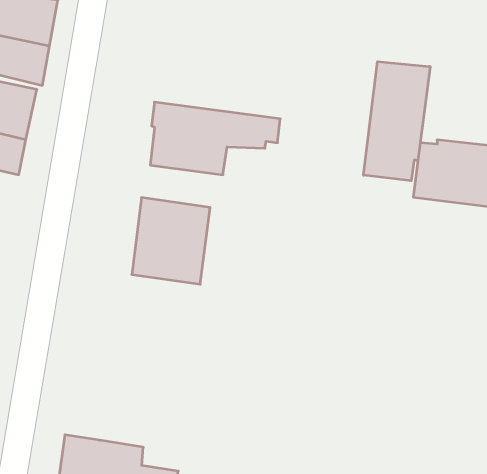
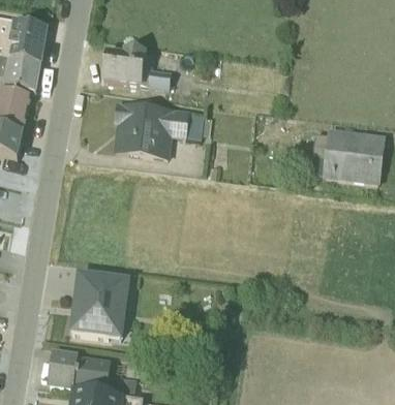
building: none -> [102,55,170,95]
building: [364,62,430,181] -> none
building: [132,198,210,284] -> [70,279,128,343]

